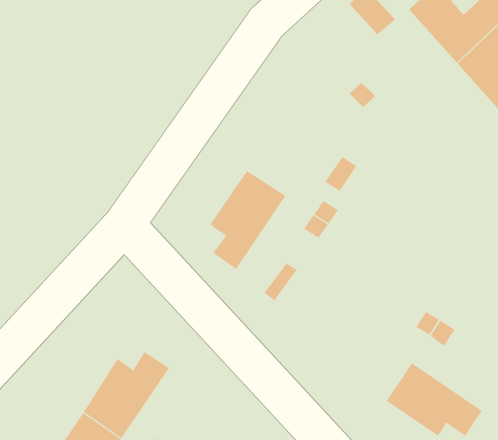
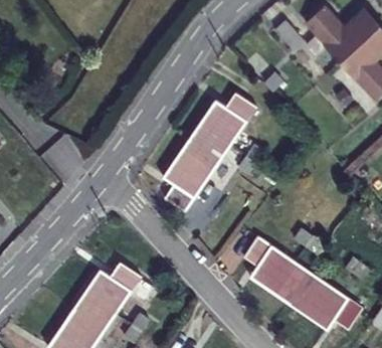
building: none -> [190,97,251,157]
building: none -> [242,239,307,302]

